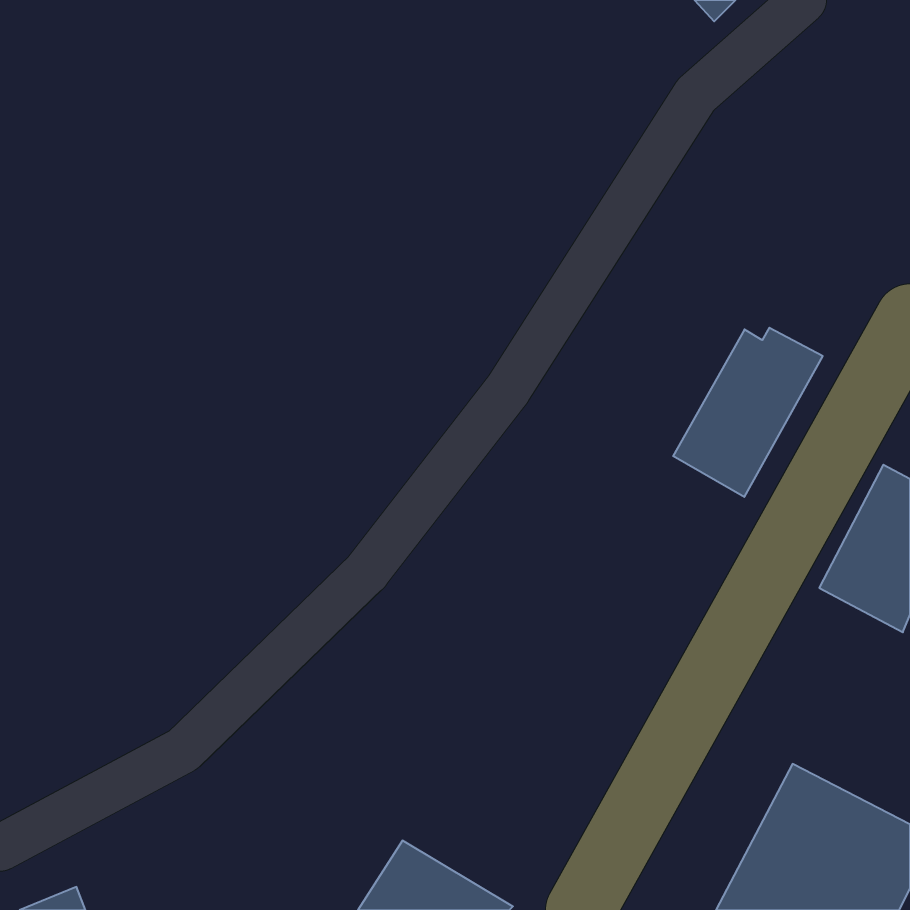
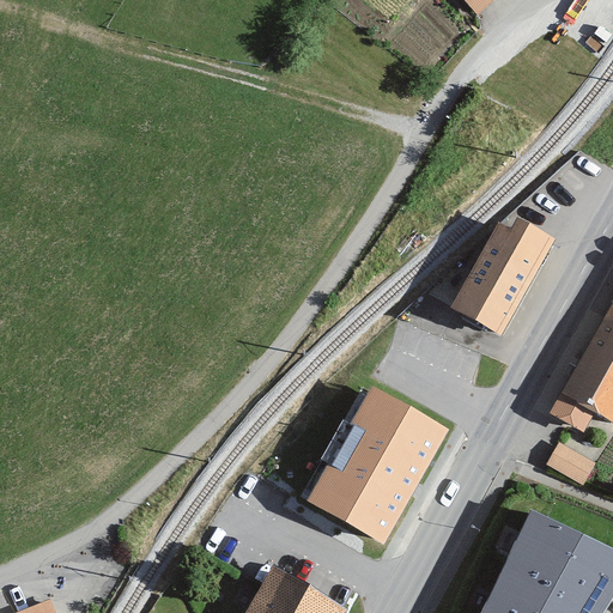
building: none -> [301,382,447,542]
building: none -> [548,436,599,481]

